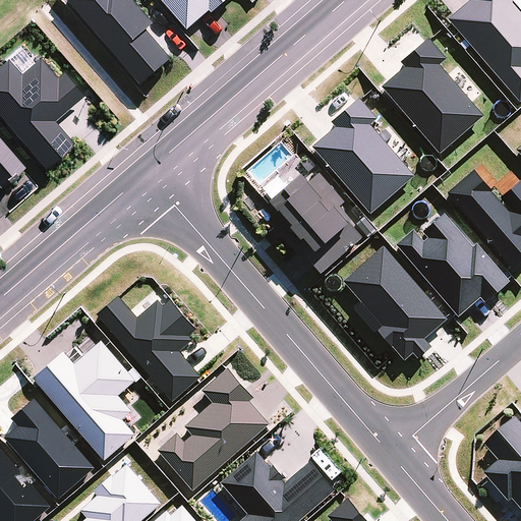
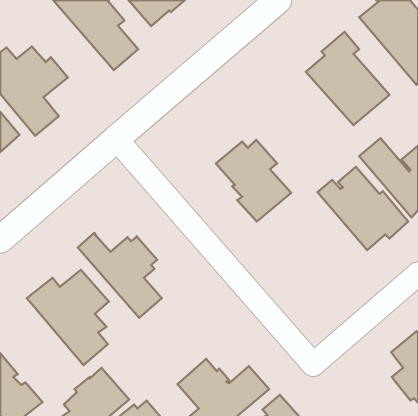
building: [311,102,414,218] -> none
building: [343,243,447,357] -> none
building: [158,364,269,486] -> none
building: [7,395,97,496] -> none

